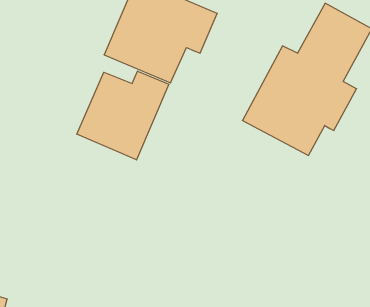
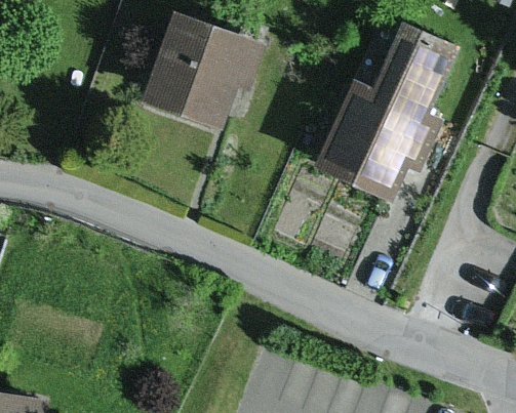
building: [77,71,169,160] -> none

